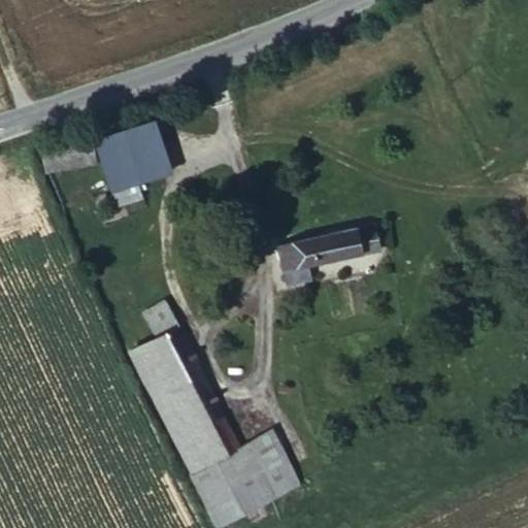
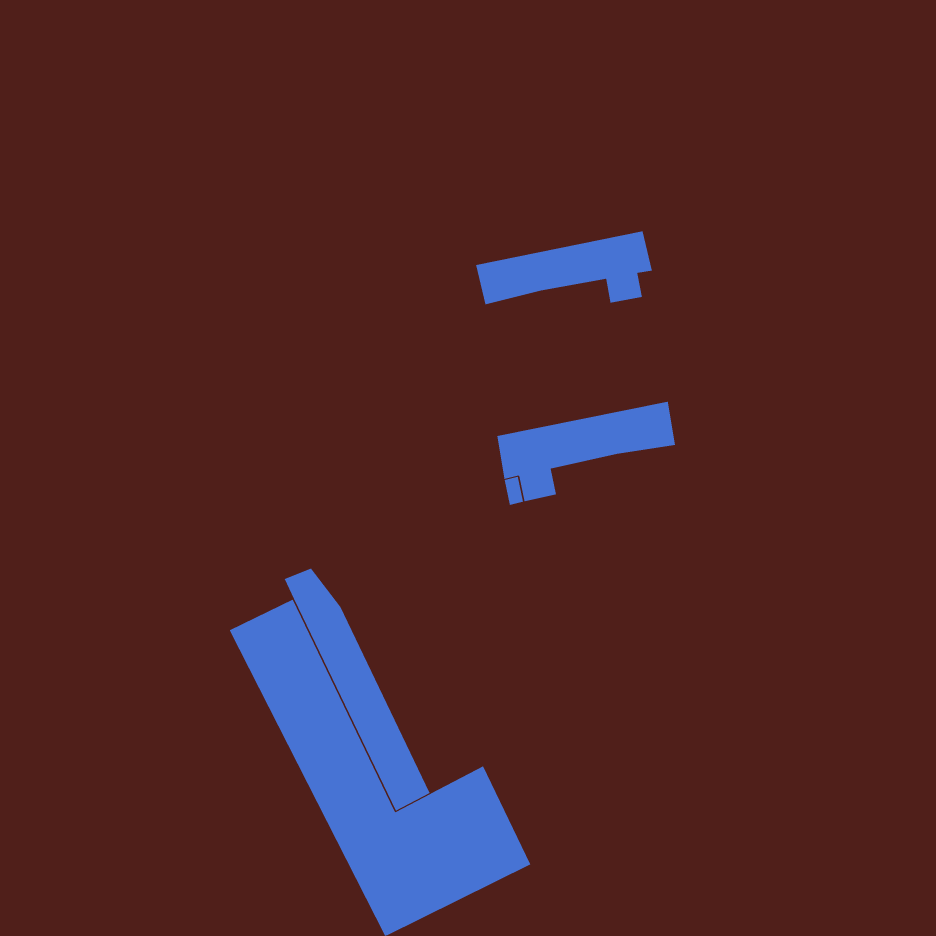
building: [94,126,155,193] -> none
building: none -> [475,231,652,305]

